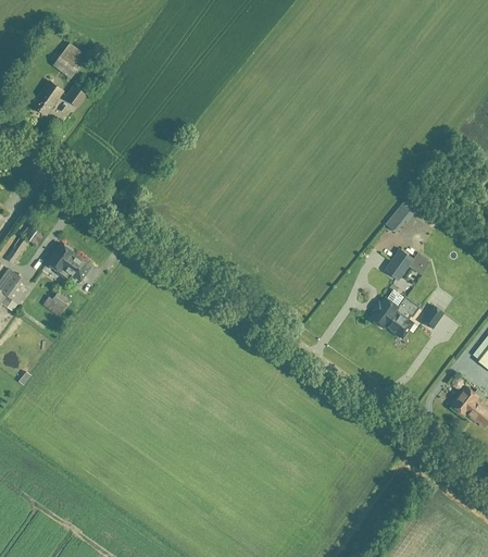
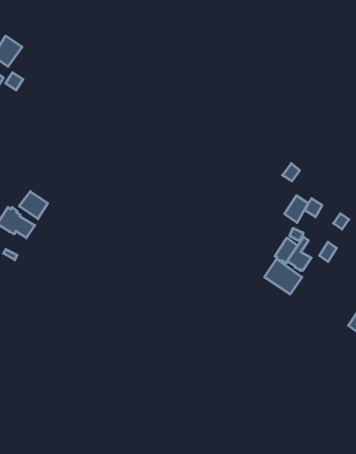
building: none -> [19,191,48,219]
building: none -> [265,259,302,294]

